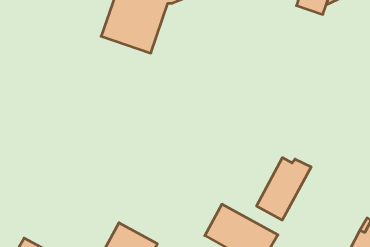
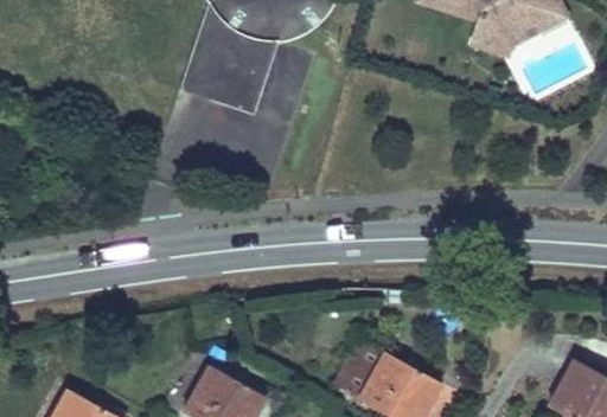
building: [257,158,311,220] -> none

